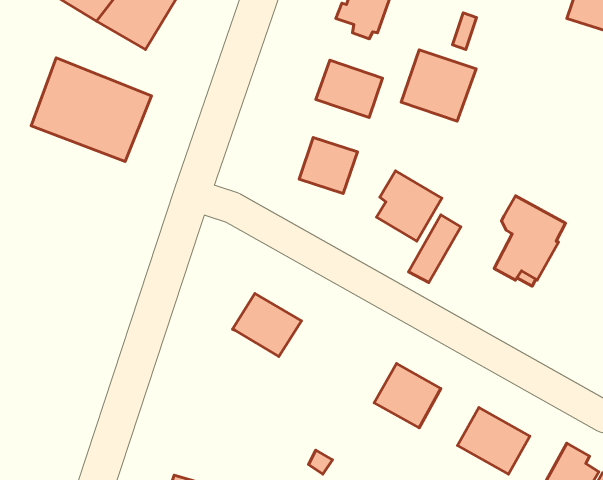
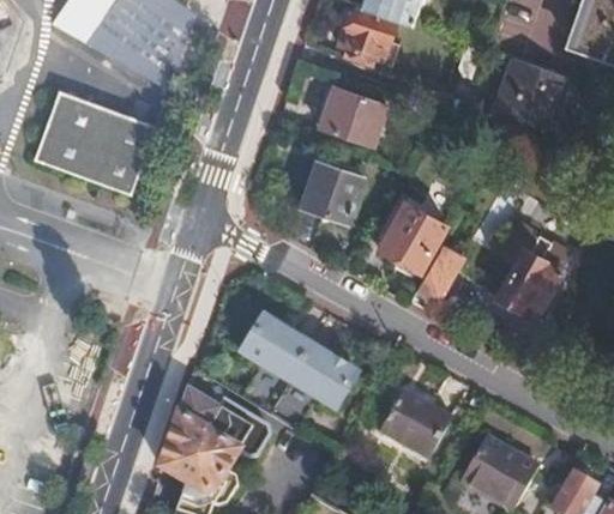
building: [401,50,476,121] -> [499,58,574,129]
building: none -> [283,351,353,413]
building: none -> [158,387,269,495]

